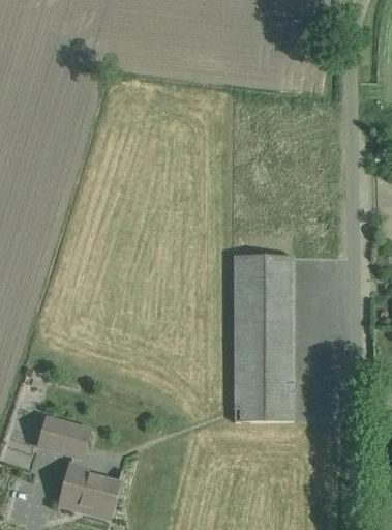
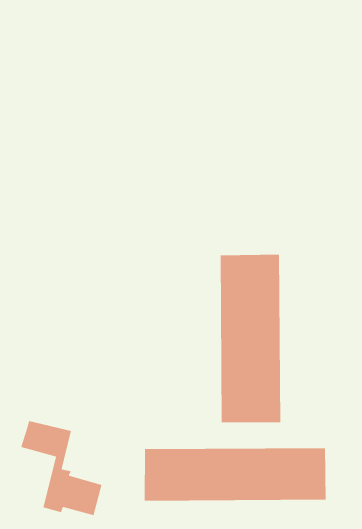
building: none -> [144,447,326,501]

